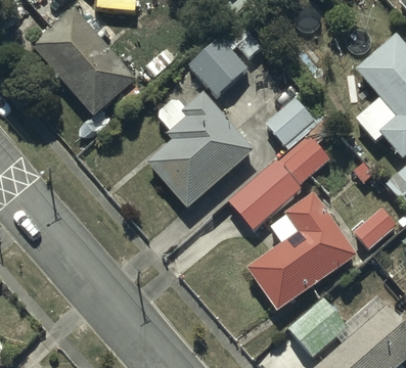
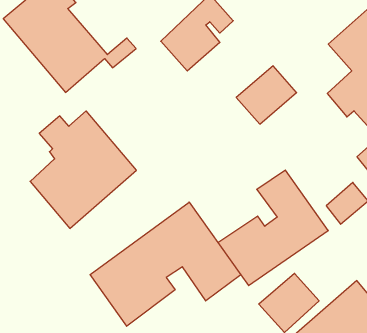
building: [146,91,253,209] -> [30,111,136,228]
building: [227,118,333,229] -> none
building: none -> [90,202,241,326]

